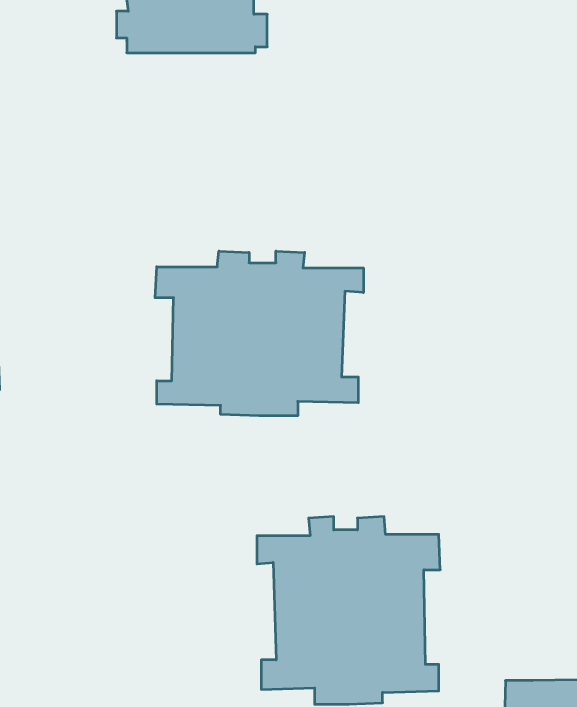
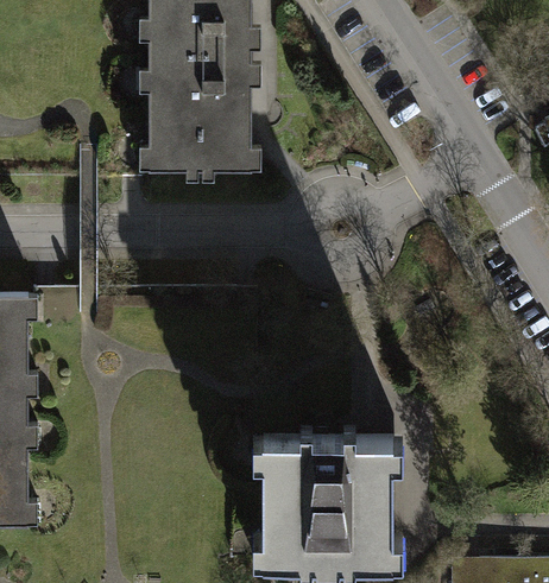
building: none -> [138,51,260,185]
building: [155,251,363,416] -> none

